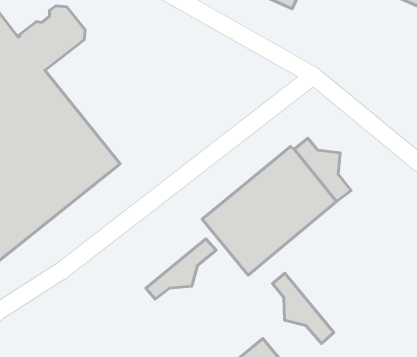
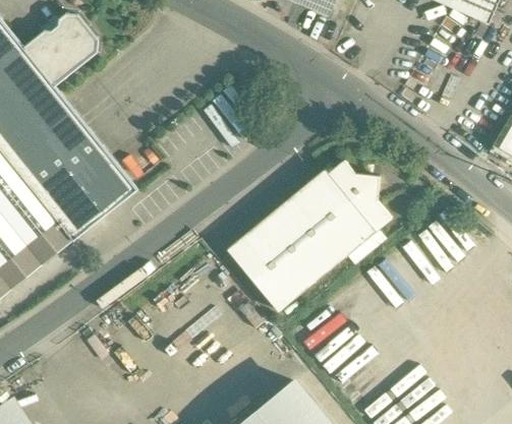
building: [146,239,216,299] -> none
building: [273,273,334,344] -> none

